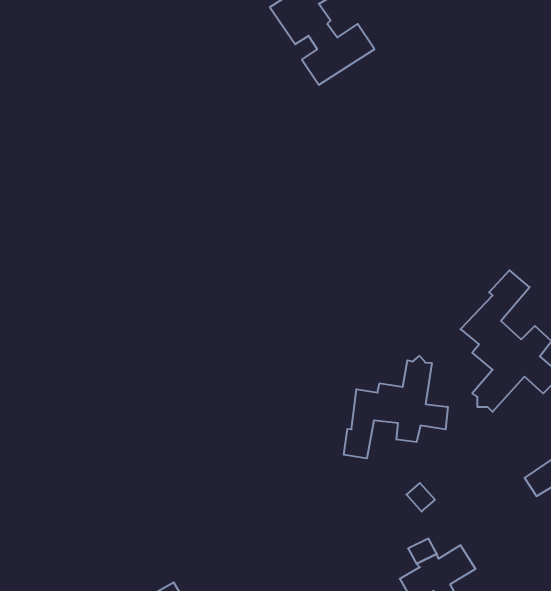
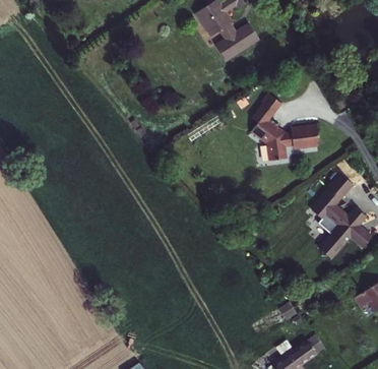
building: none -> [251,90,319,160]
building: [344,356,448,458] -> none

